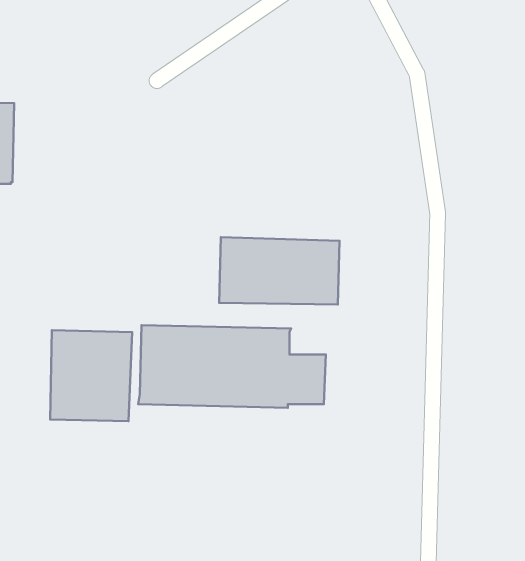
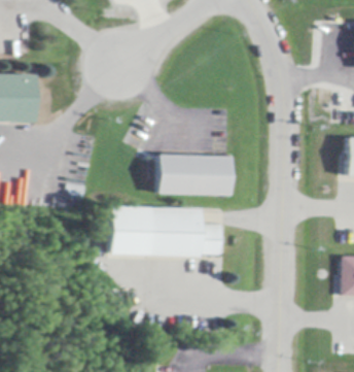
building: [50,330,132,421] -> none

